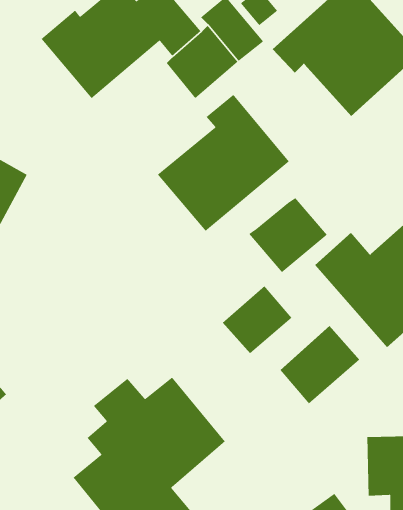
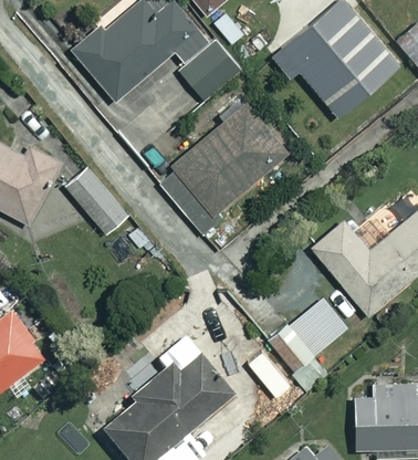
building: none -> [65,168,128,234]
building: [248,197,328,273] -> none
building: [222,285,293,354] -> none

